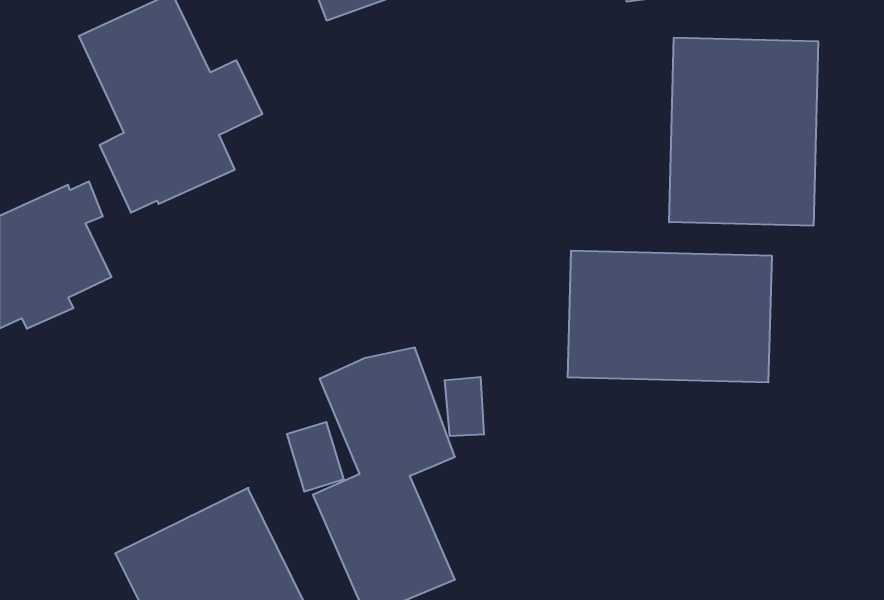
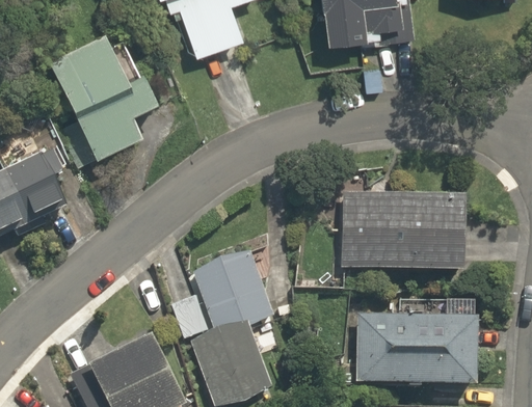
building: [669,38,818,226] -> none
building: none -> [354,310,477,387]

